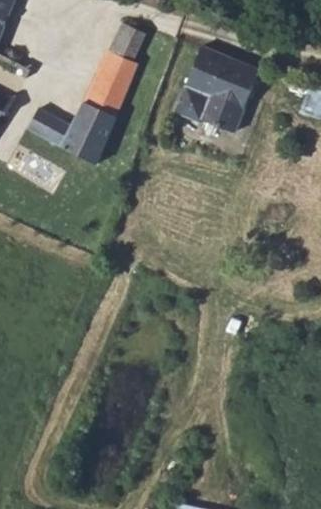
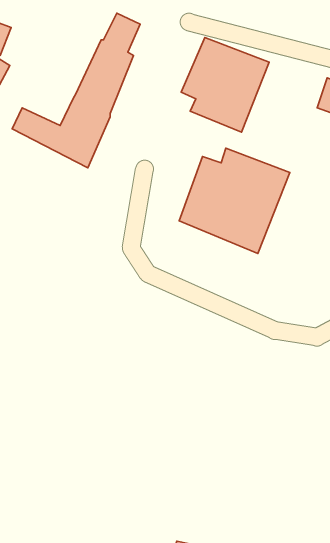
building: none -> [179,148,290,253]

